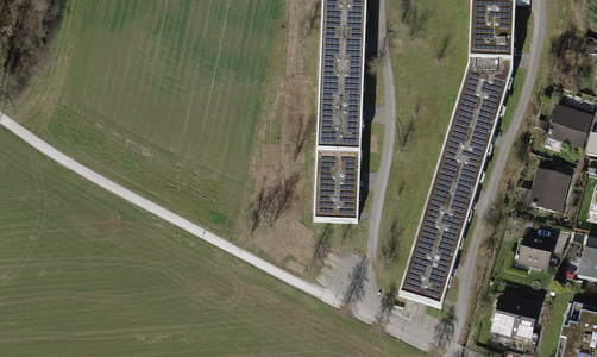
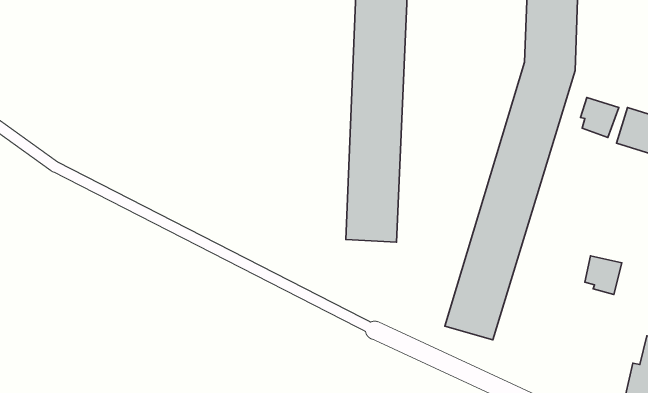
building: none -> [581,97,619,137]
building: [529,167,568,209] -> none
building: [494,296,535,333] -> none

